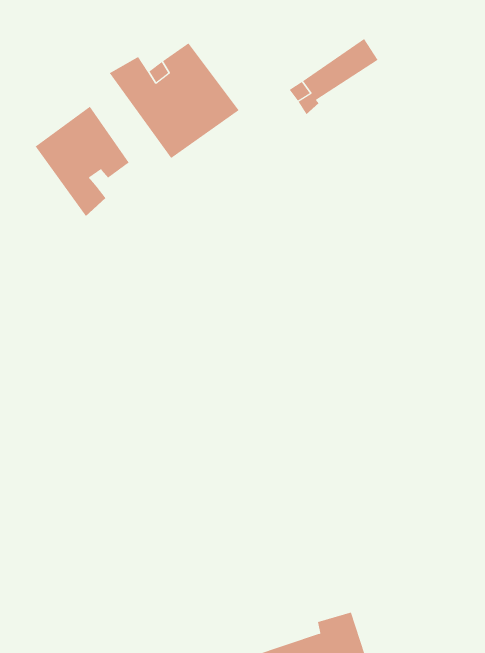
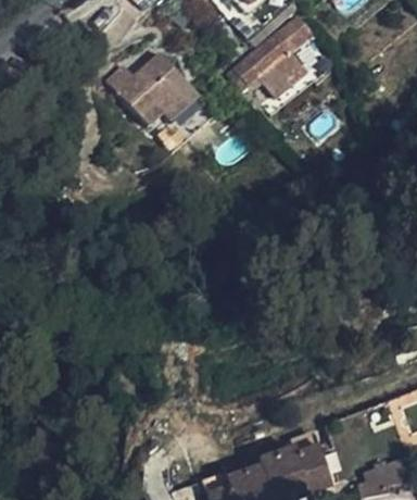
building: none -> [244,20,319,105]
building: [35,106,129,217] -> none

